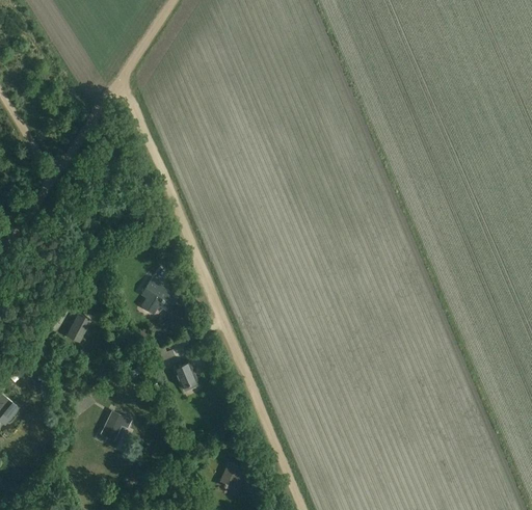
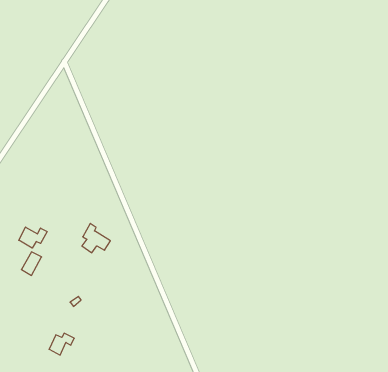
building: none -> [19,227,47,248]
building: [175,360,200,386] -> none

